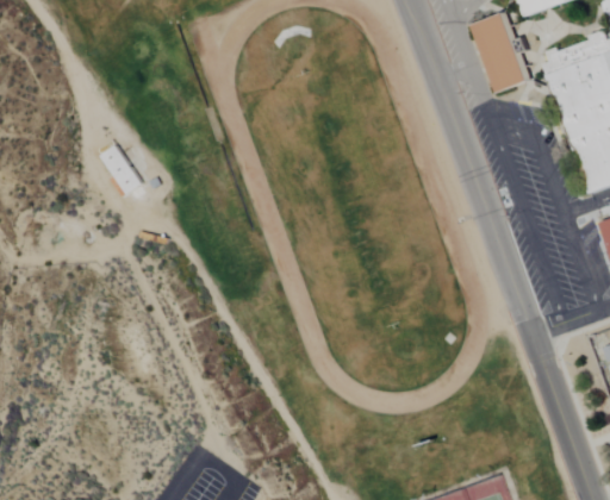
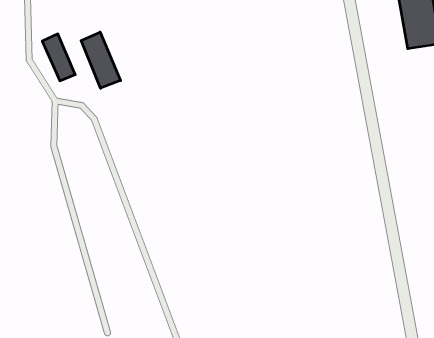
building: none -> [81,32,121,88]

